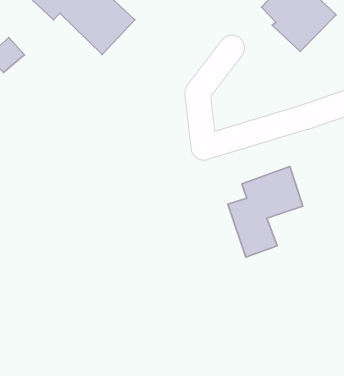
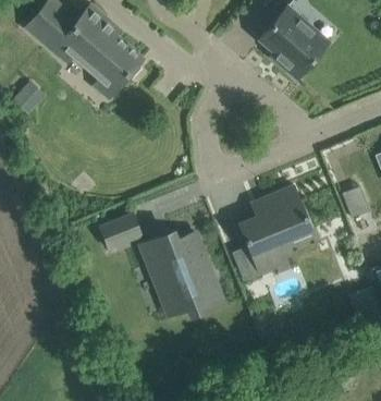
building: none -> [98,211,143,251]
building: none -> [139,231,222,315]

